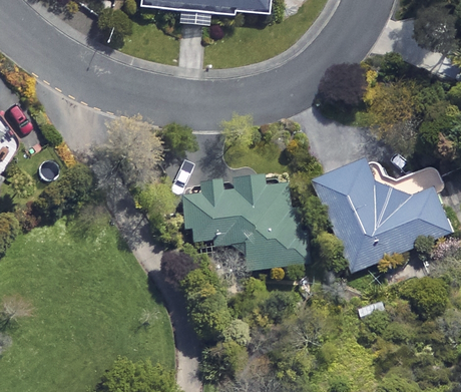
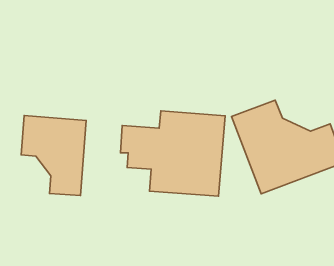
building: none -> [21,115,86,195]

